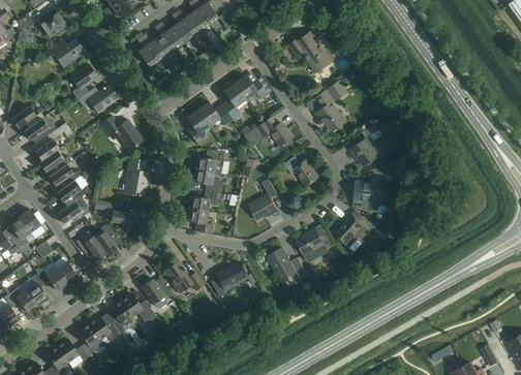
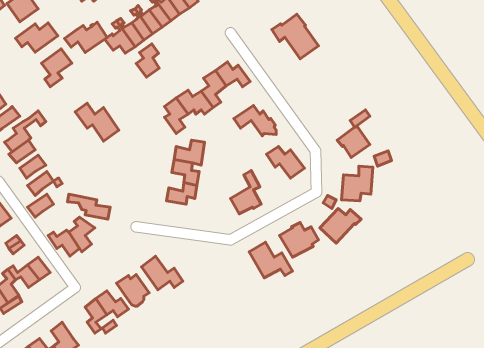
building: none -> [136,44,159,77]
building: [315,81,347,131] -> none
building: [78,84,118,113] -> [65,22,107,53]
building: [126,158,149,195] -> none
building: [186,208,213,232] -> none
building: [210,261,247,298] -> none
building: [89,314,120,341] -> none

